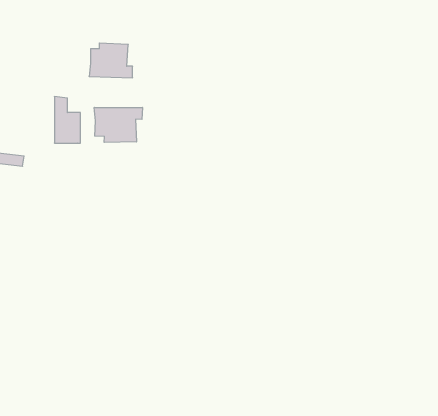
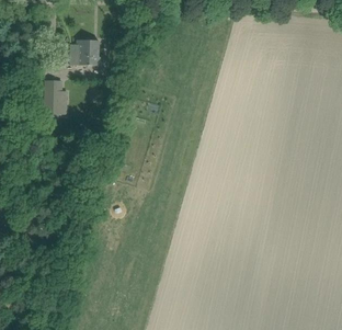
building: [94,107,142,142] -> none

